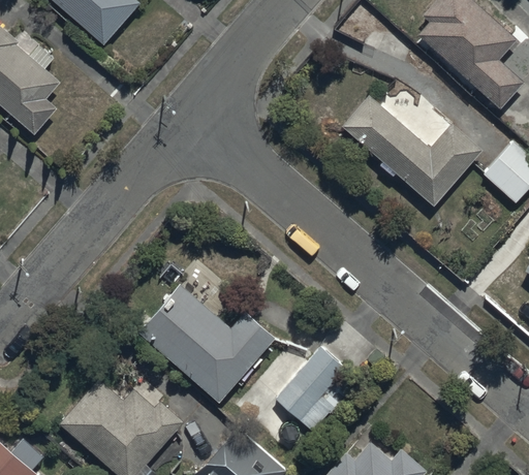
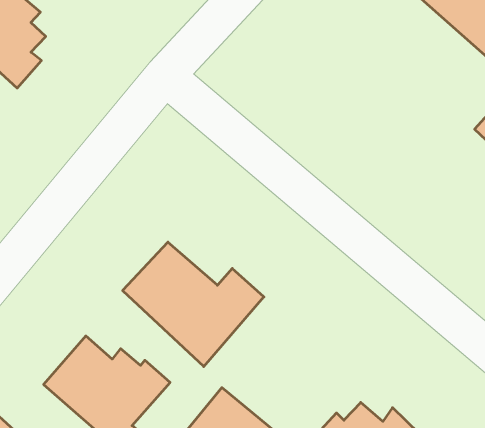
building: [342,94,481,205] -> none
building: [274,348,351,439] -> none

